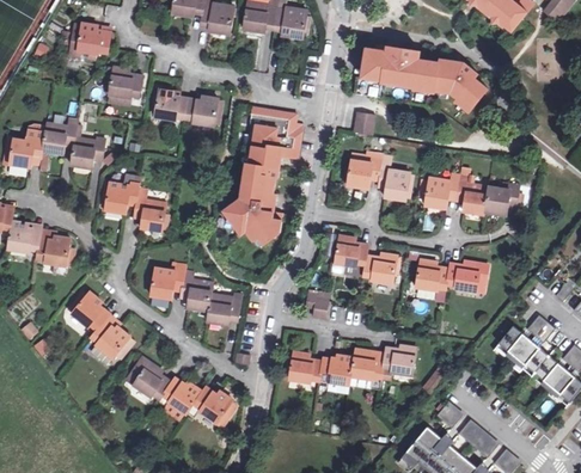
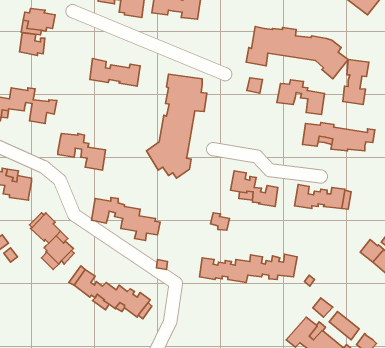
building: [104,69,137,99] -> [19,33,45,56]
building: none -> [343,60,369,104]
building: [347,155,409,201] -> [277,80,324,114]

